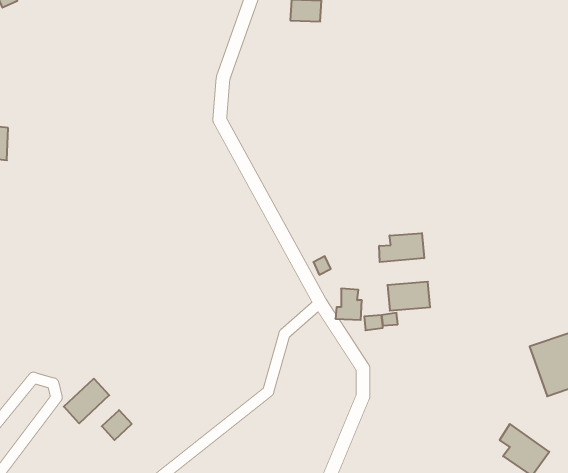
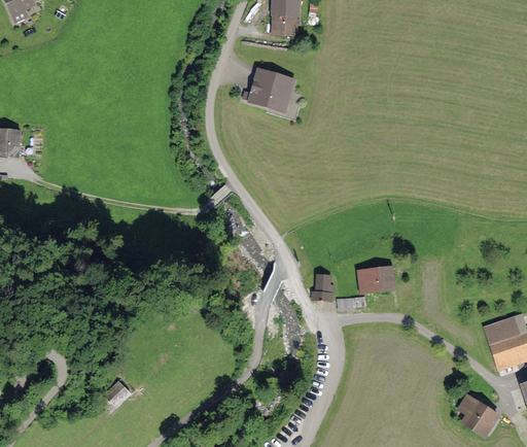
building: none -> [248,68,295,113]
building: [379,233,424,262] -> none
building: [64,379,109,423] -> none

